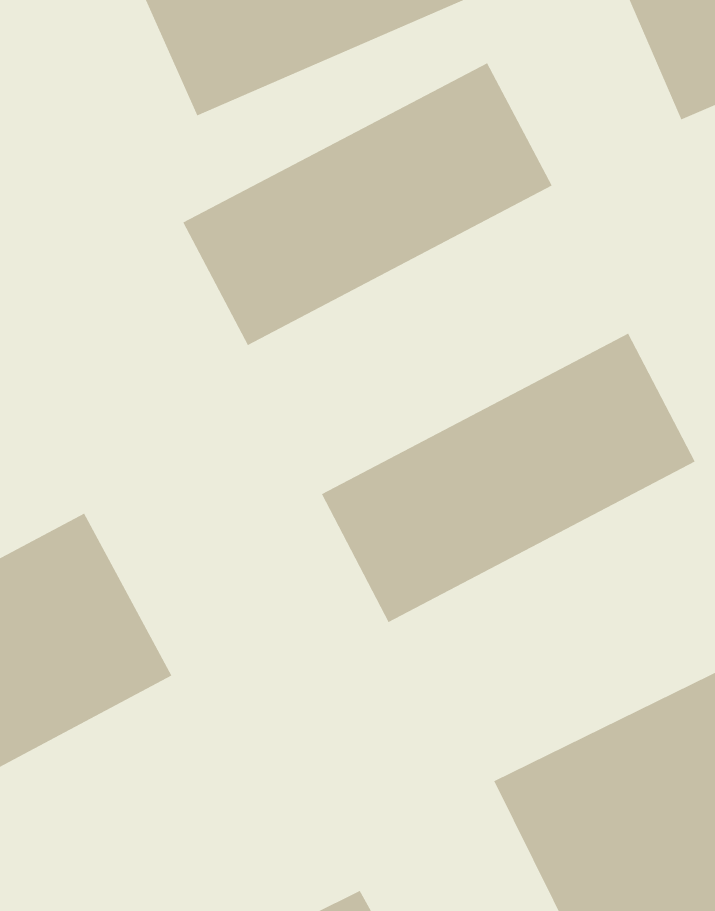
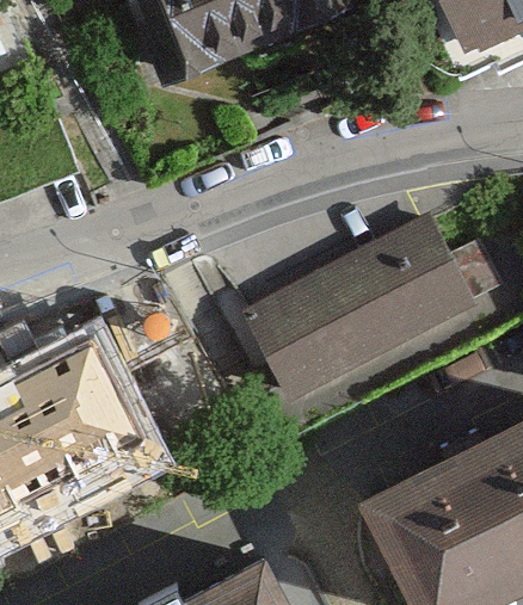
building: [182,62,553,346] -> none

